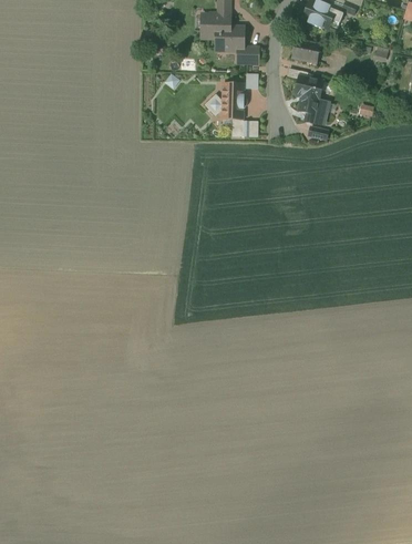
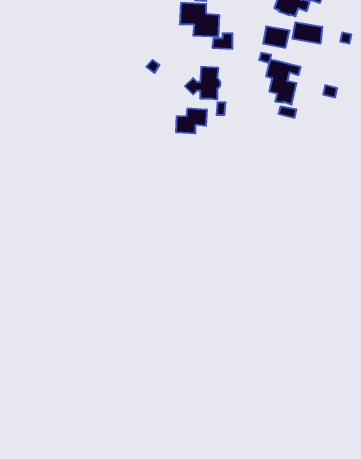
building: none -> [293,22,322,44]
building: none -> [176,108,207,134]

